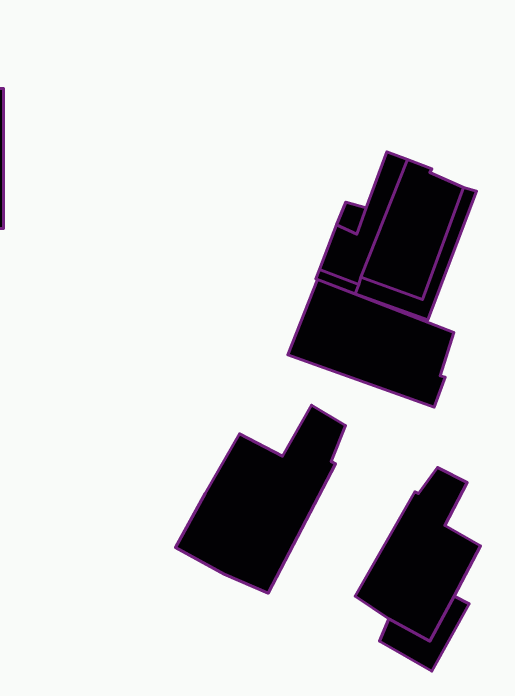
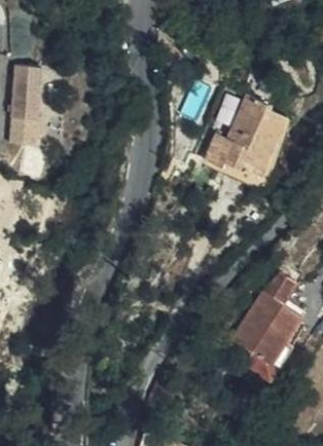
building: [288,279,454,407] -> none
building: [176,405,346,593] -> none

